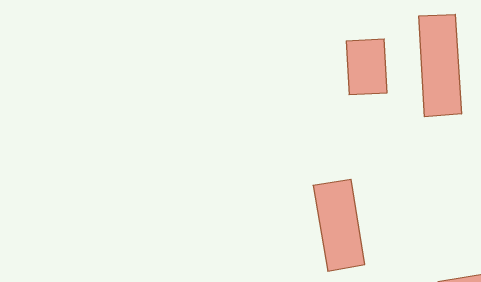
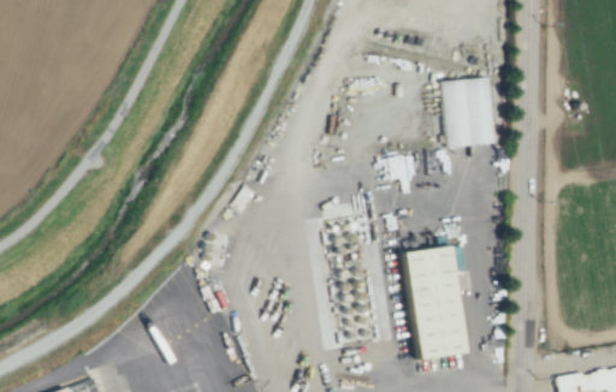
building: [419,14,461,117] -> none

